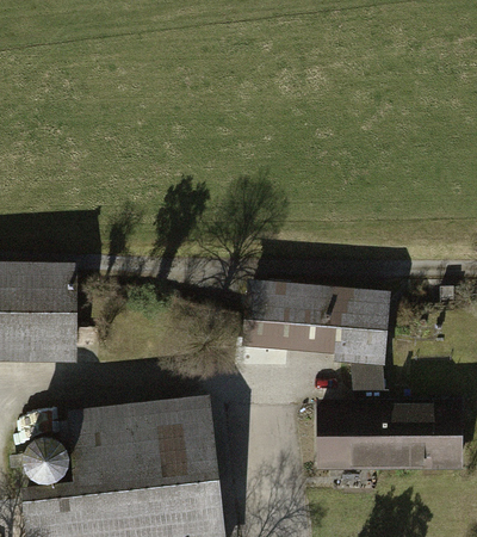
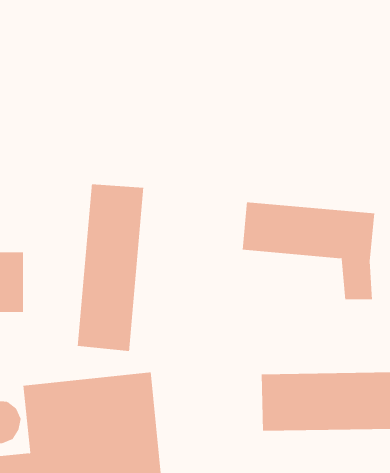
building: none -> [77,183,144,352]
building: [248,288,388,390] -> [242,202,375,300]

